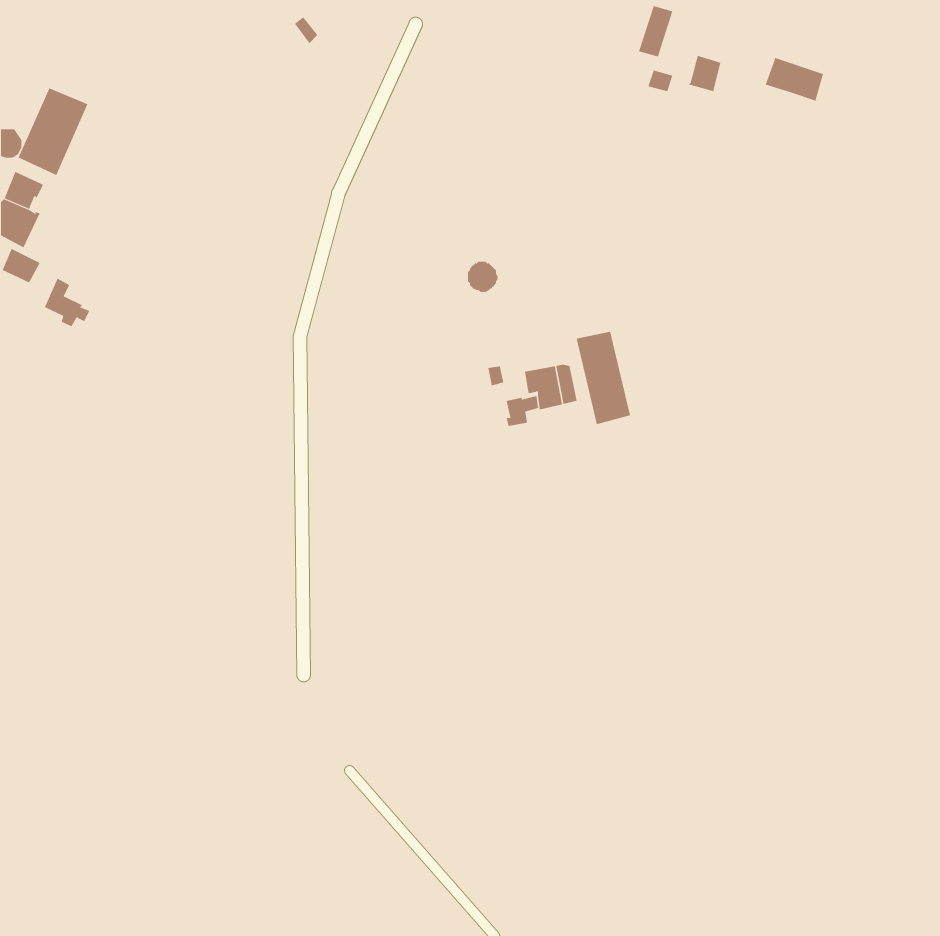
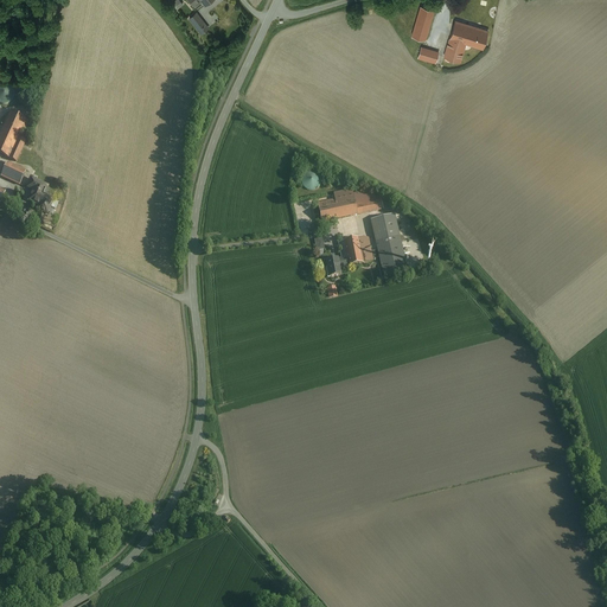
building: [765,57,824,101] -> [449,18,487,46]
building: [18,88,88,176] -> none
building: none -> [318,187,383,221]

